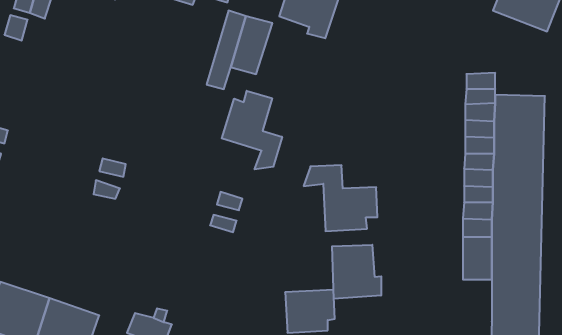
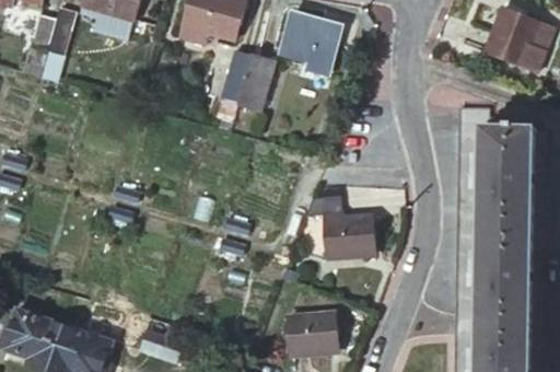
building: [222,91,282,169] -> none
building: [332,245,381,299] -> none
building: none -> [456,303,485,342]

